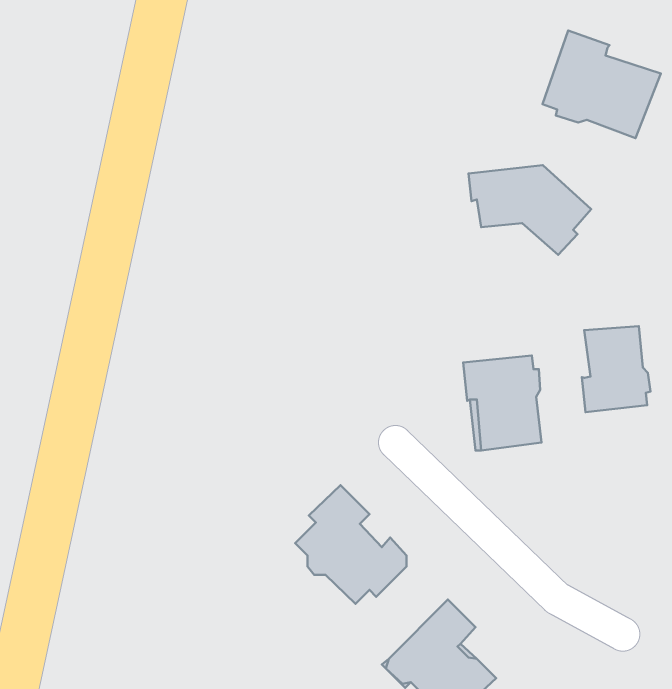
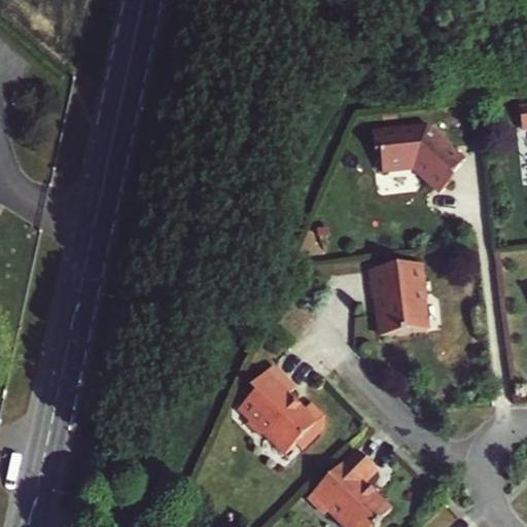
building: [542,30,661,138] -> none
building: [582,326,651,412] -> none

